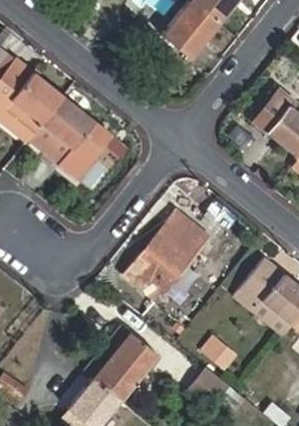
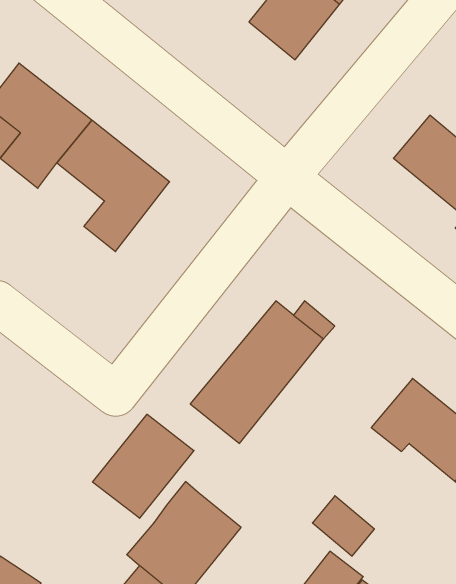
building: [28,124,70,164] -> none
building: none -> [92,414,194,518]

